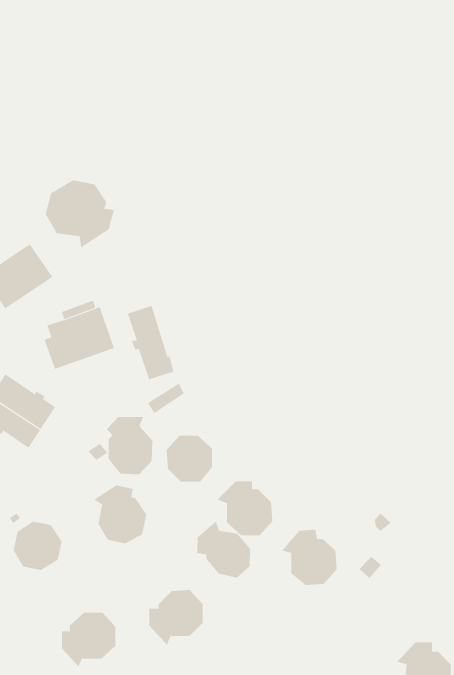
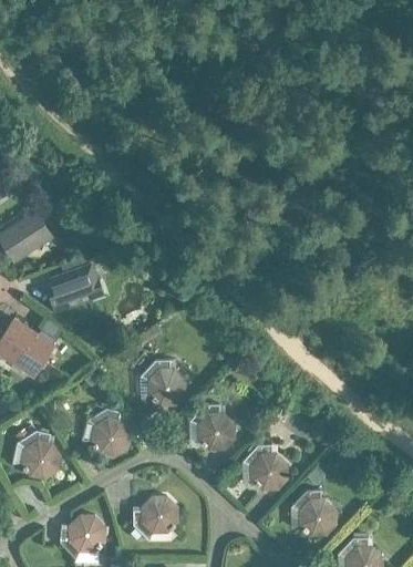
building: [45,179,115,249] -> none
building: [127,305,174,380] -> none
building: [106,416,153,475] -> none
building: [197,520,250,579] -> none
building: none -> [289,489,335,536]

